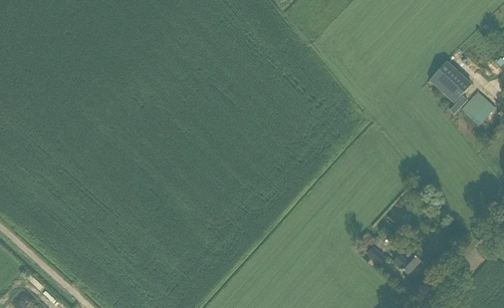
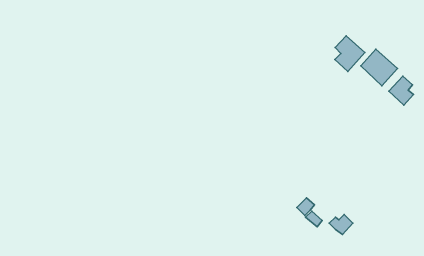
building: none -> [335,36,365,71]

